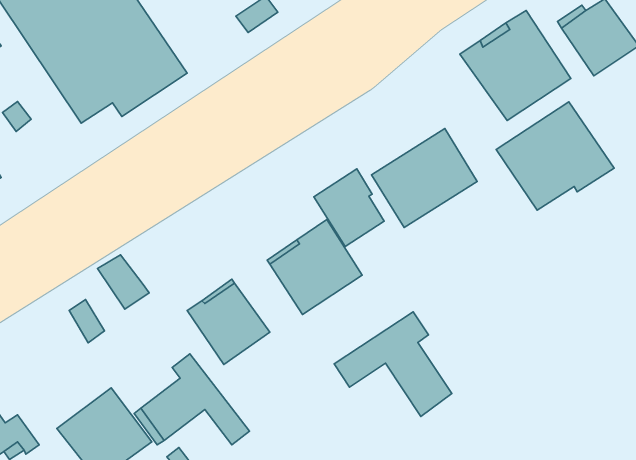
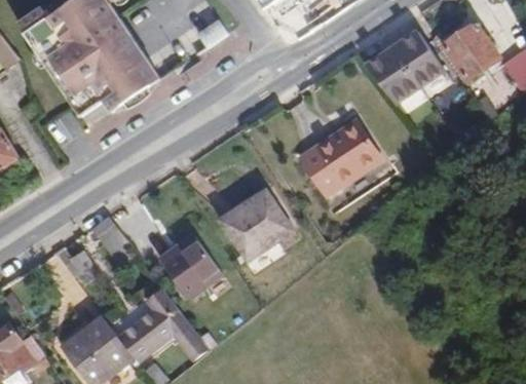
building: [496,102,614,210] -> none
building: [314,169,384,246] -> none
building: [334,312,452,417] -> none

